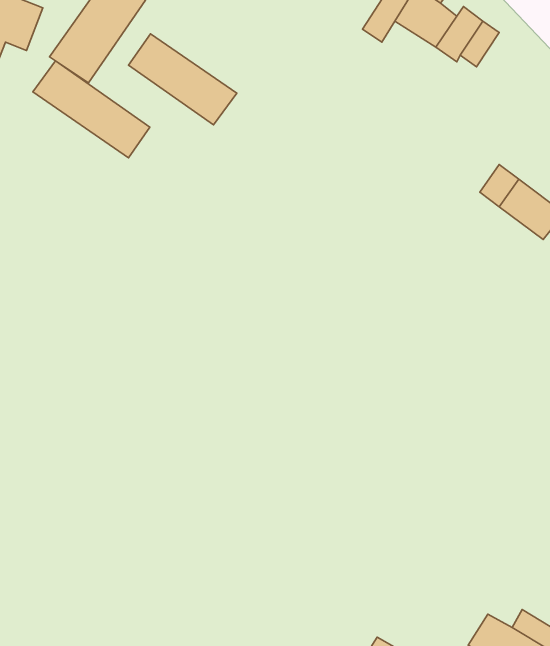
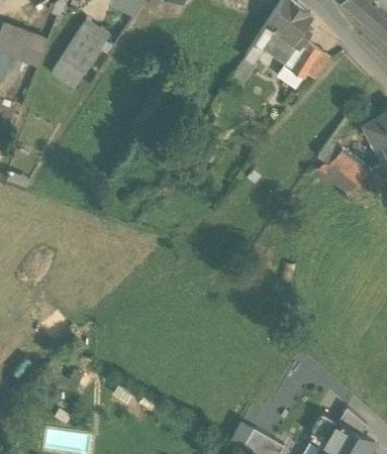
building: [129,34,237,125] -> none
building: [33,61,150,158] -> none

